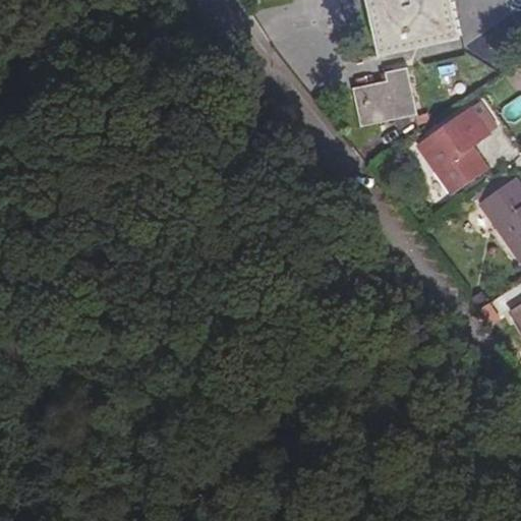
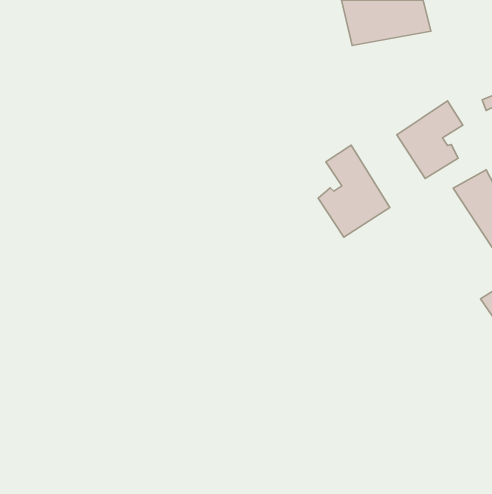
building: [359,66,420,120] -> none
building: none -> [318,145,390,237]

